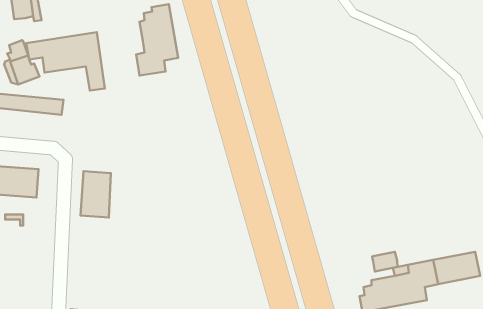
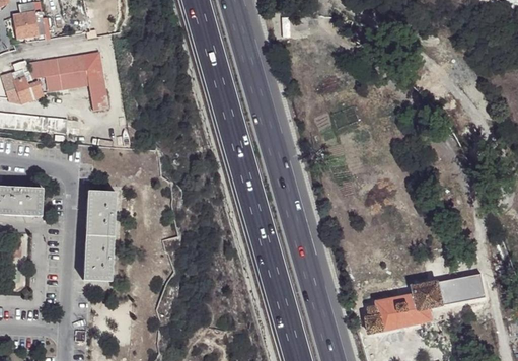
building: [136,4,178,75] -> none
building: none -> [83,235,114,282]
building: [372,252,398,272] -> none

